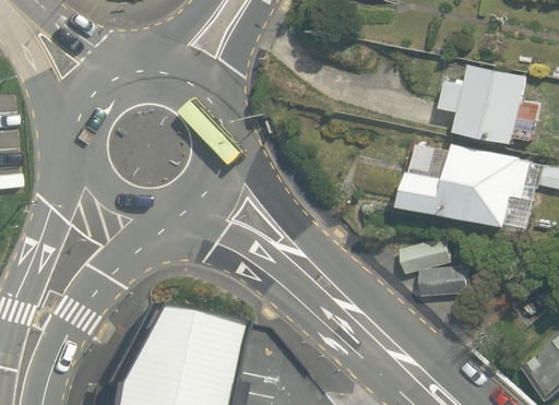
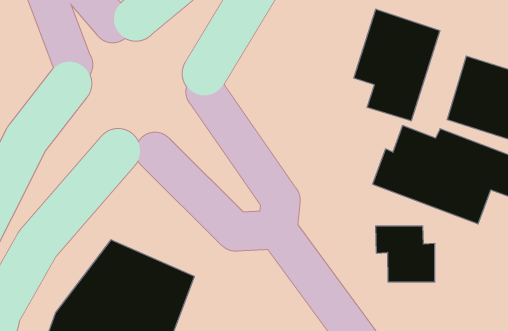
building: none -> [354,9,440,121]

